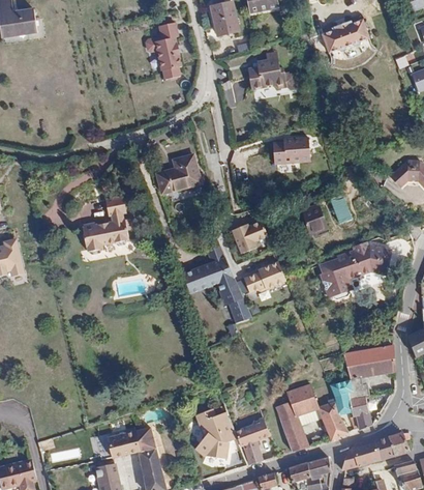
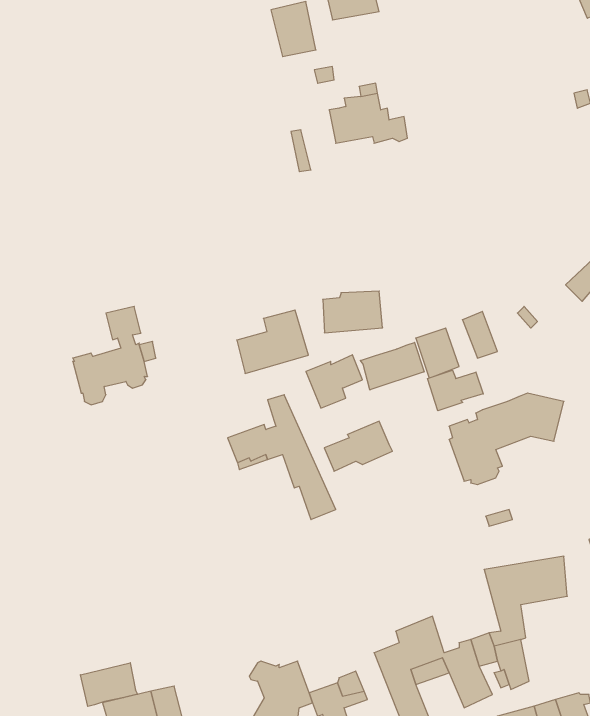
building: [322,19,369,52] -> none
building: [145,22,181,80] -> none
building: [272,138,309,164] -> [323,291,383,333]
building: [156,154,201,194] -> [237,310,308,373]
building: none -> [360,342,424,390]
building: none -> [427,370,483,411]
building: none -> [80,663,138,706]

